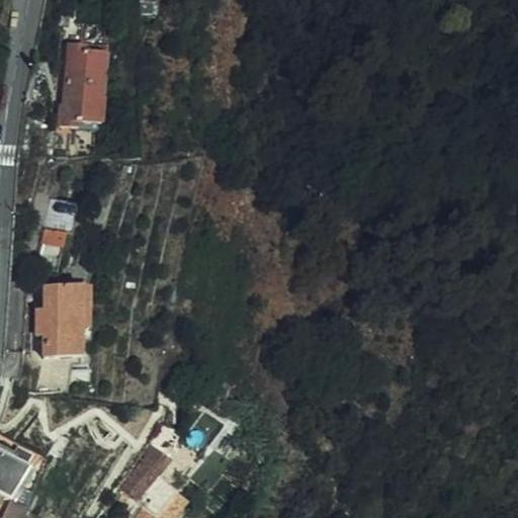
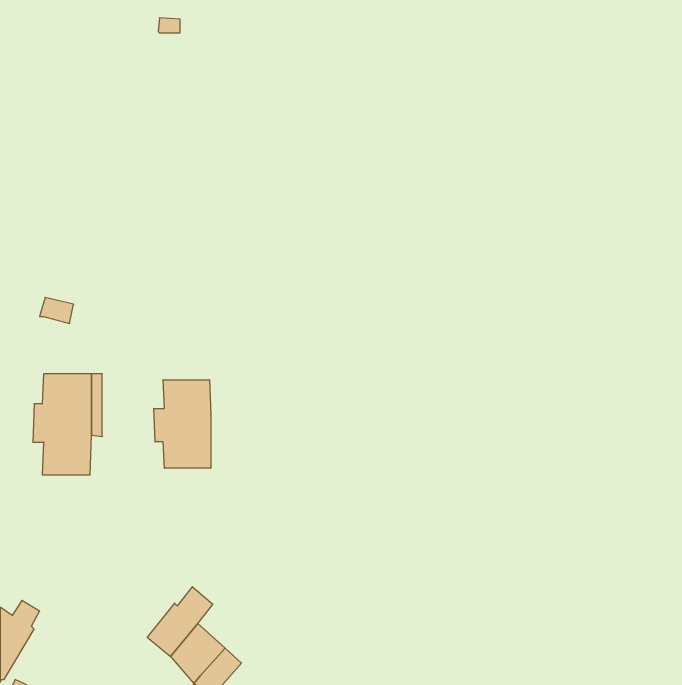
building: [59,36,102,121] -> none
building: none -> [154,380,211,468]

